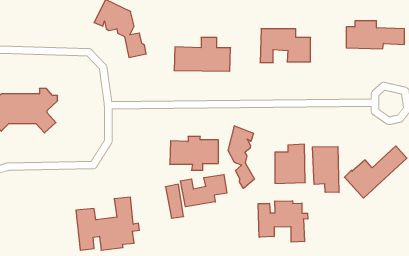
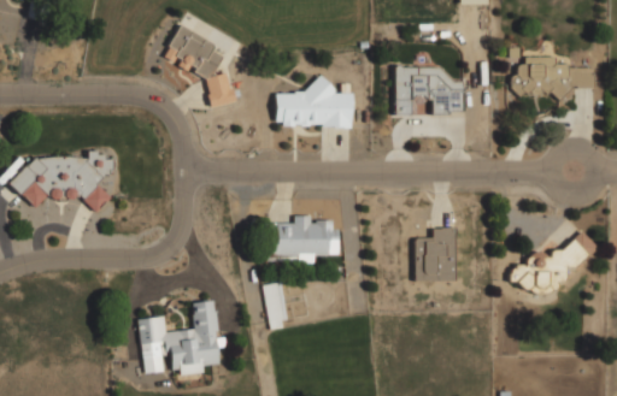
building: [228,126,255,188] -> none
building: [313,147,339,193] -> none
building: [180,174,227,207] -> none
building: [258,201,308,242] -> none

